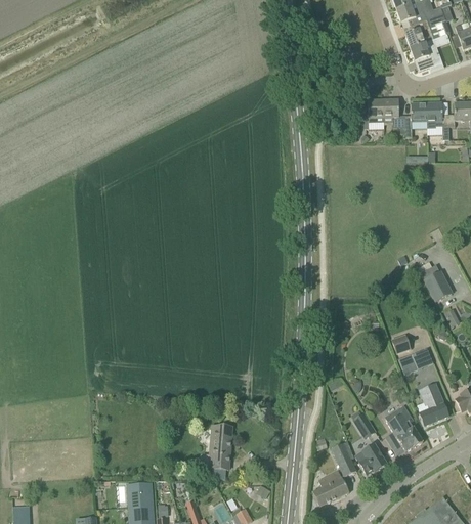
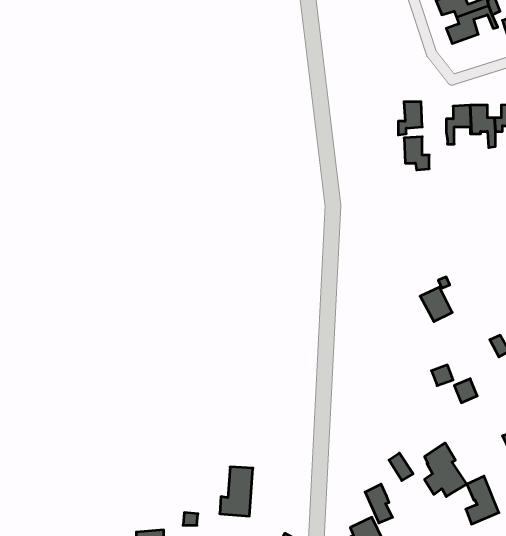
building: [410,39,443,72] -> none
building: [382,98,404,128] -> [404,137,429,170]
building: [424,271,453,302] -> [420,287,452,322]
building: [419,383,448,426] -> [466,476,499,524]
building: [353,443,387,475] -> none

